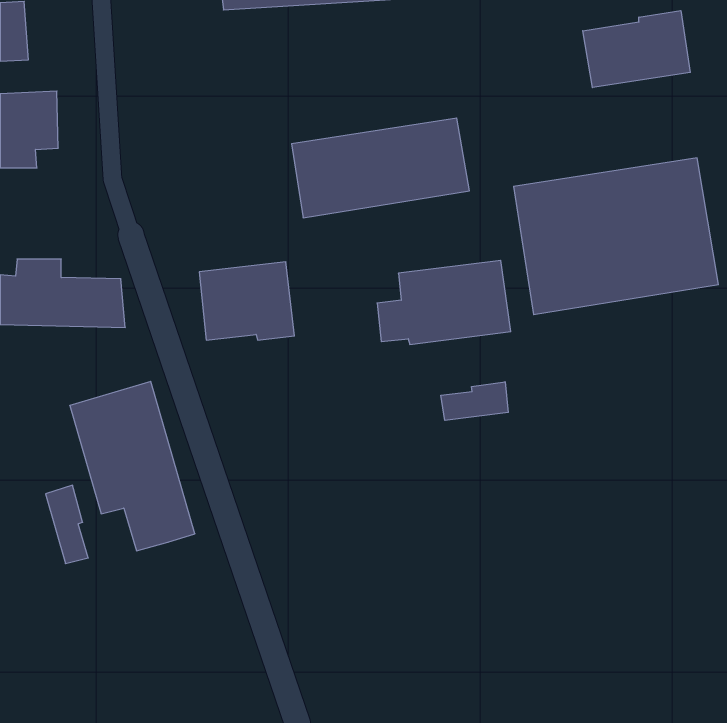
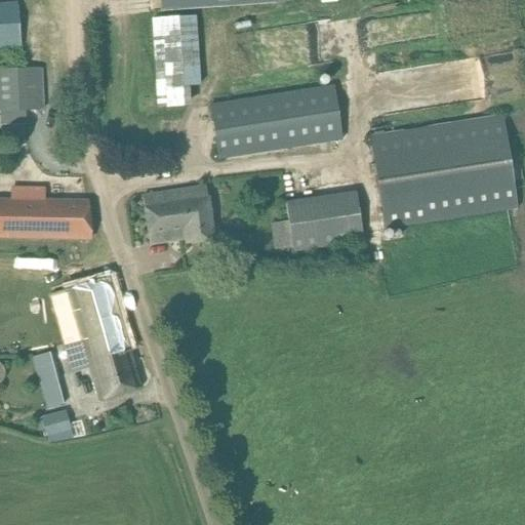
building: [583,11,690,88] -> none
building: none -> [154,11,203,104]
building: [441,382,508,420] -> none
building: none -> [41,408,71,435]

